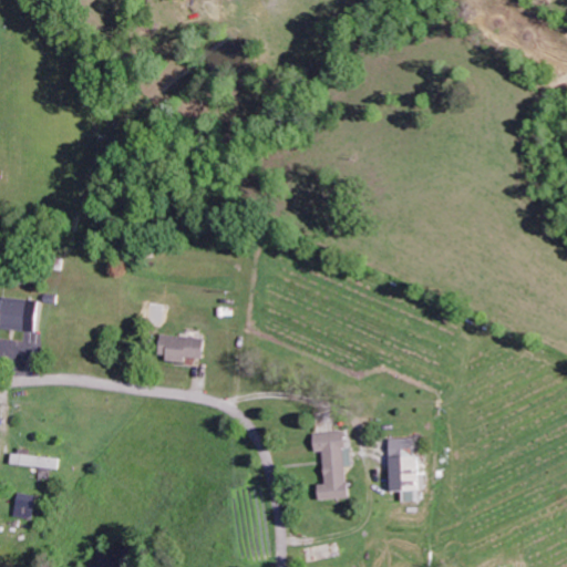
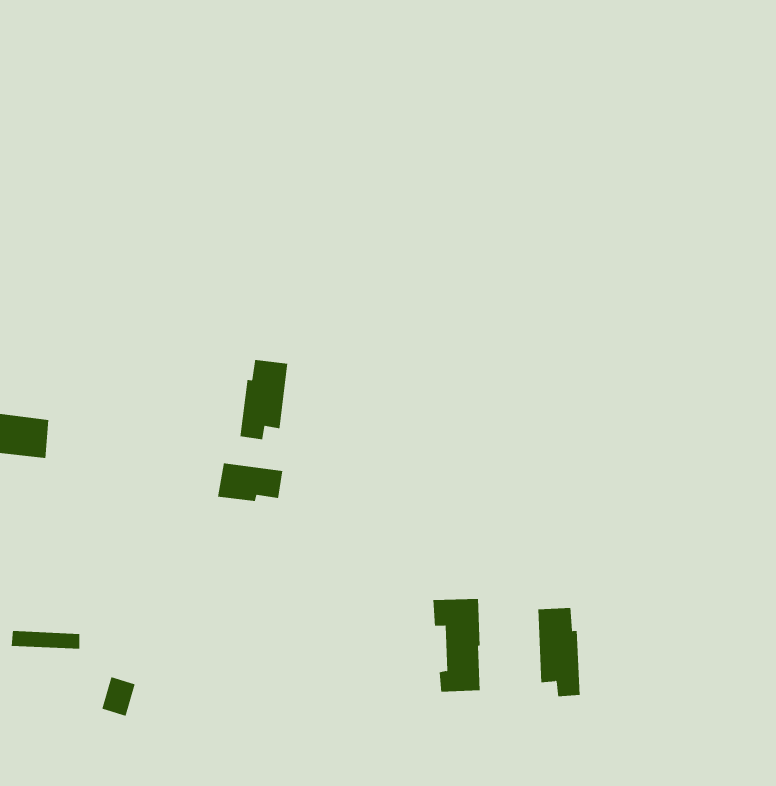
building: none -> [240,359,288,440]
building: [10,492,34,520] -> [102,676,135,716]

